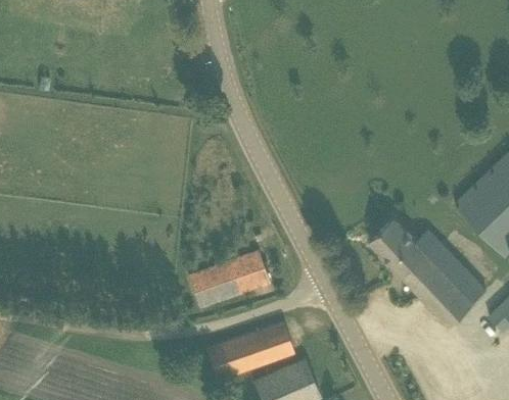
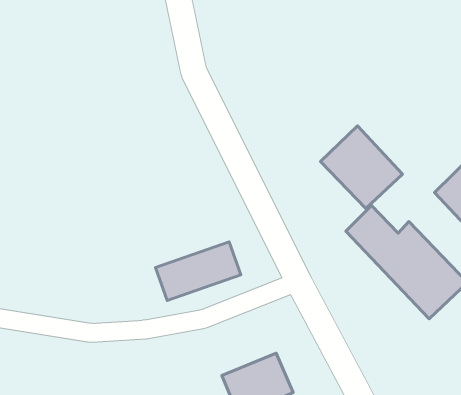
building: none -> [320,126,403,208]
building: [206,322,294,381] -> none

